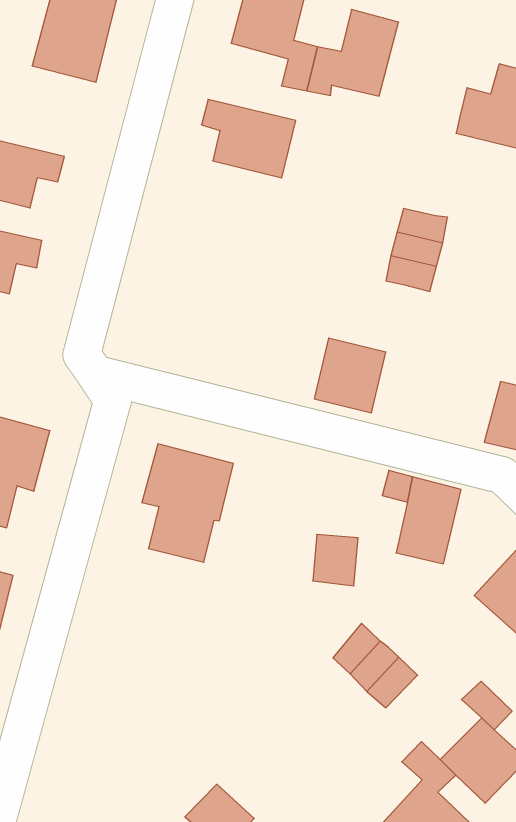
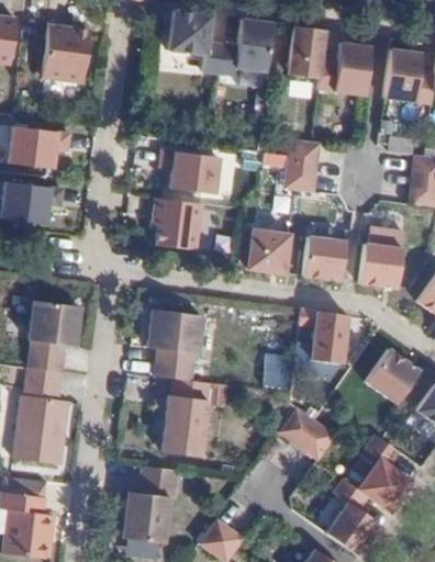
building: none -> [288,25,324,78]
building: [201,99,296,178] -> [161,150,221,194]
building: none -> [154,199,203,249]
building: none -> [304,236,346,280]
building: none -> [161,394,208,454]
building: none -> [122,467,178,543]

